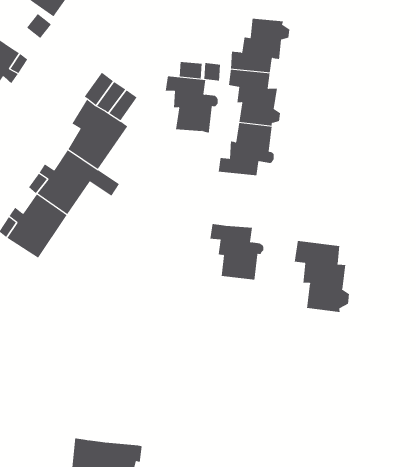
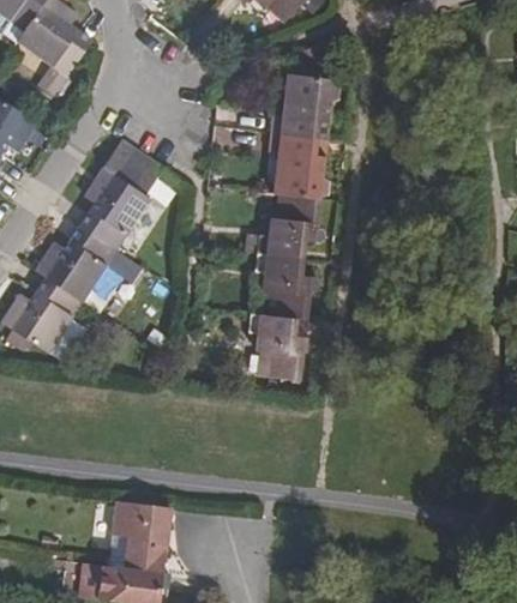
building: [165,76,219,133] -> [253,254,315,321]
building: [294,240,350,313] -> none
building: none -> [112,500,167,572]

